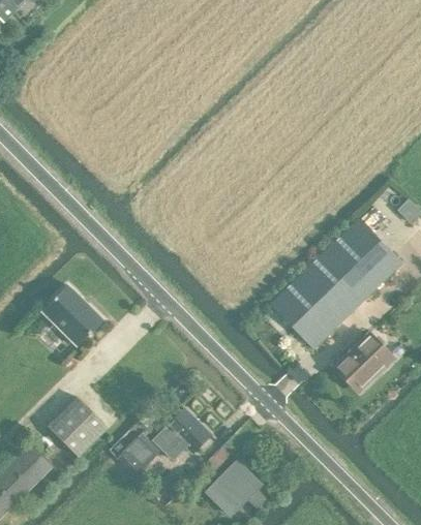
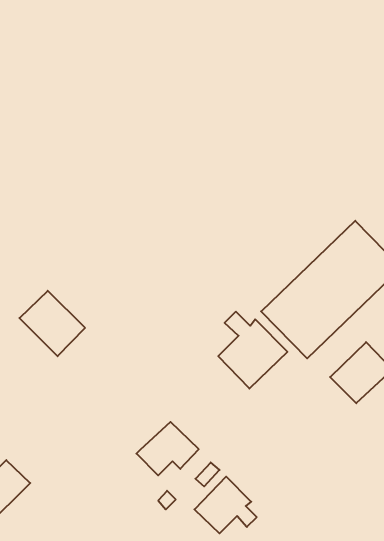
building: none -> [218,312,287,389]
building: [49,397,108,456] -> none
building: [116,432,160,477] -> none

